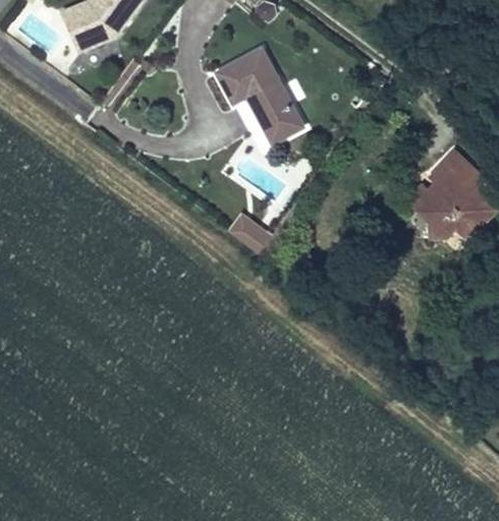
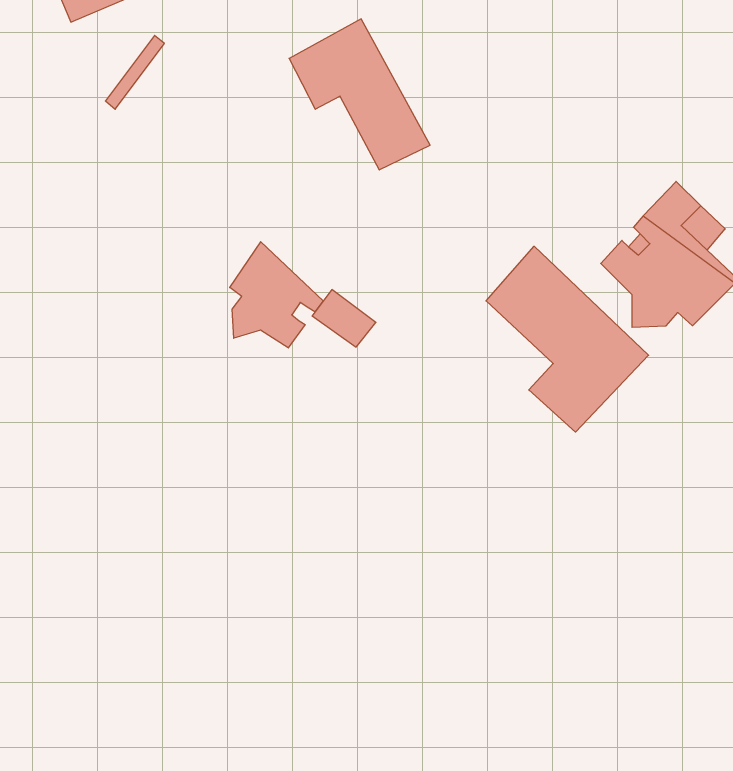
building: none -> [230,242,323,348]
building: none -> [486,246,649,432]

